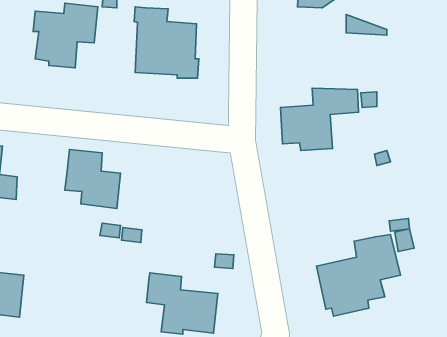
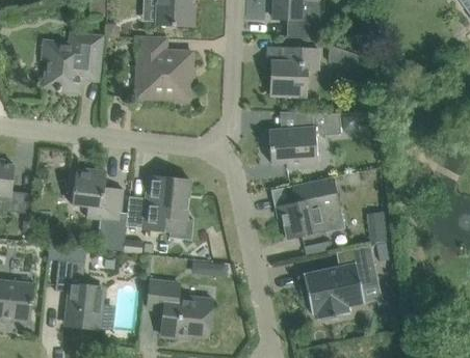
building: none -> [270,48,319,97]
building: none -> [126,174,193,239]
building: none -> [282,176,340,239]
building: none -> [55,258,102,328]

